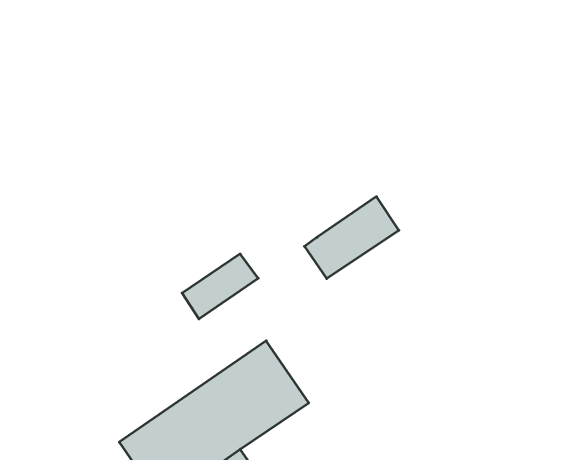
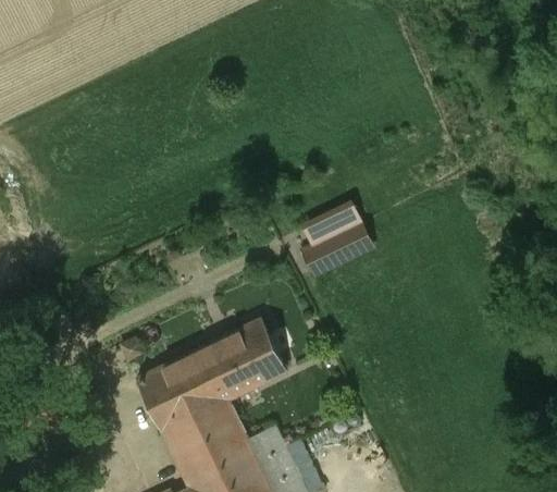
building: [182,254,258,319] -> [301,202,361,247]

